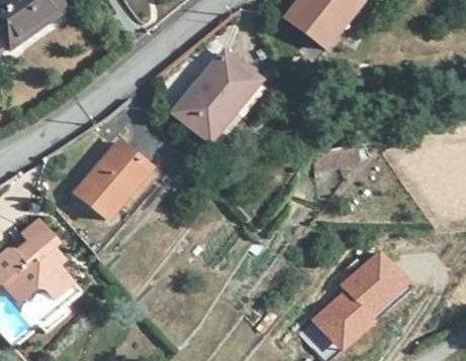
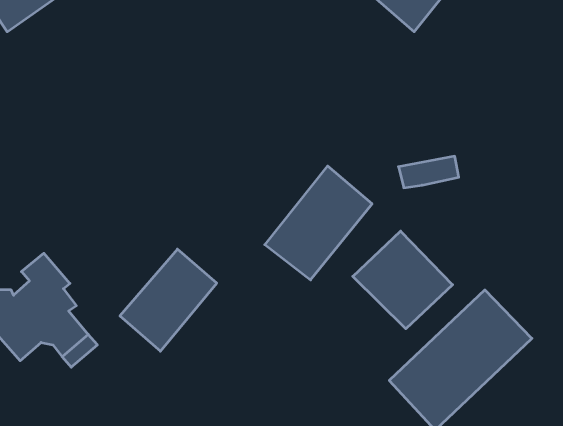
building: [174,51,257,139] -> [265,166,372,280]
building: [75,141,150,220] -> [120,249,217,351]
building: none -> [353,231,453,329]

